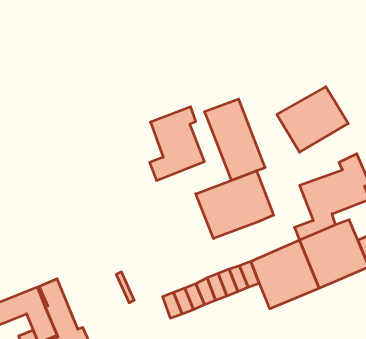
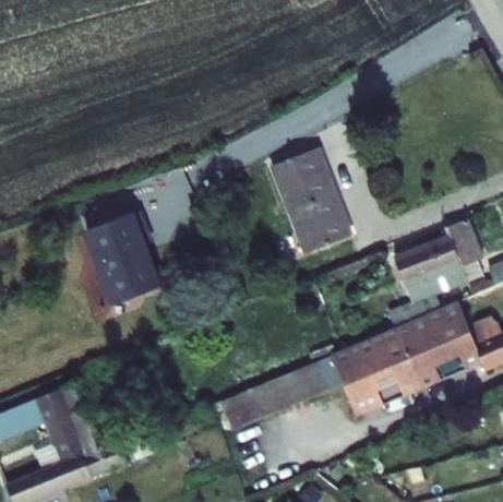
building: [277,87,348,152] -> none
building: [150,107,204,180] -> [88,213,158,307]
building: [196,171,274,239] -> none

